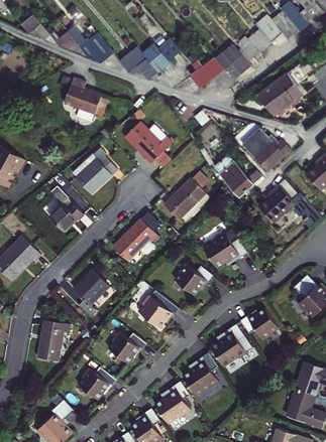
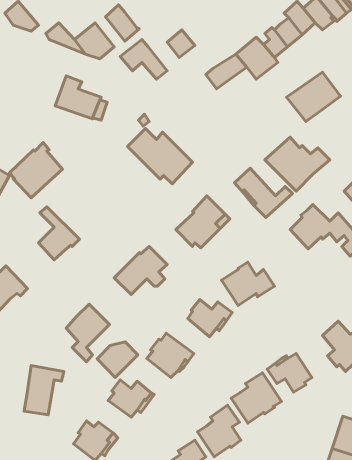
building: [141,42,170,72] -> [105,5,139,41]
building: [72,147,116,193] -> [10,143,63,198]
building: none -> [97,342,138,377]

